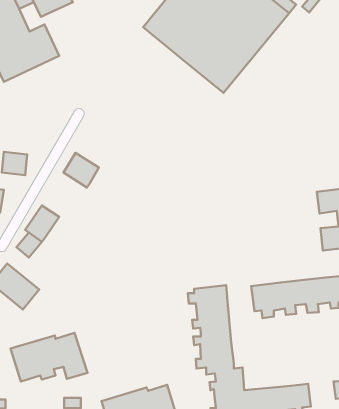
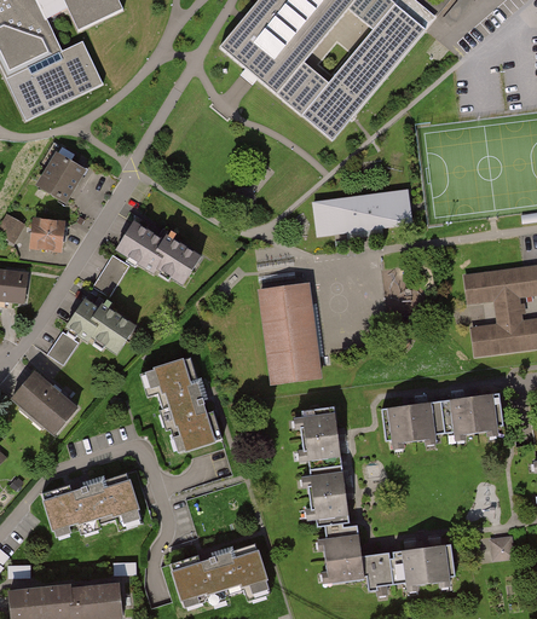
building: none -> [33,151,81,202]
building: none -> [312,187,411,236]
building: none -> [148,233,201,284]
building: none -> [93,253,131,296]
building: none -> [256,282,321,386]
building: none -> [86,303,142,359]
building: none -> [134,354,224,456]

